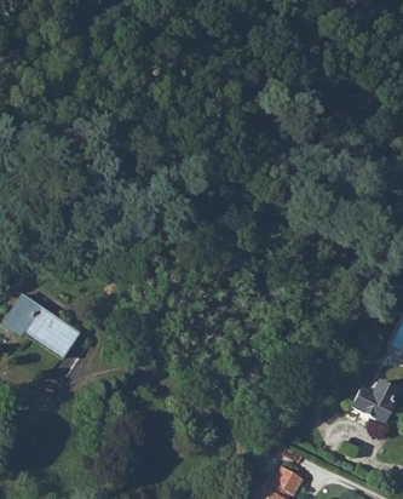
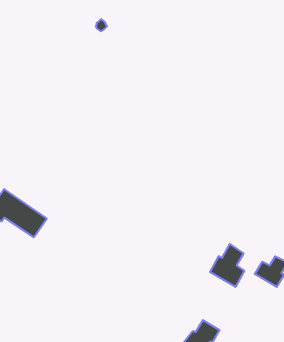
building: none -> [210,244,244,287]

